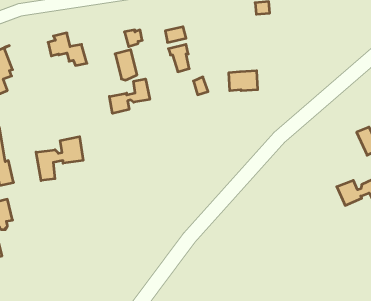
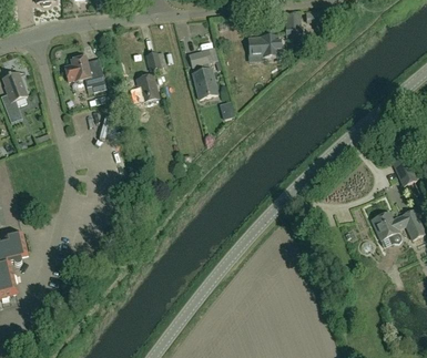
building: [229,71,258,91] -> [248,34,279,55]
building: [109,79,150,113] -> none
building: [36,137,83,181] -> none

